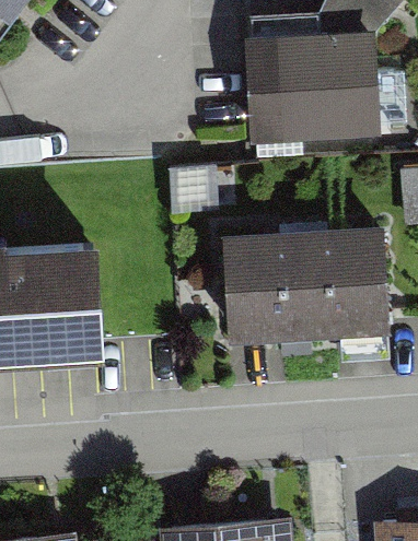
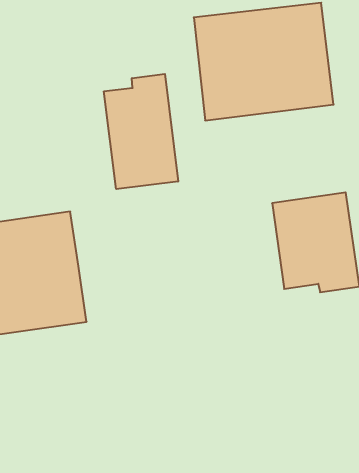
building: none -> [104,74,178,189]
building: [230,244,311,344] -> none

